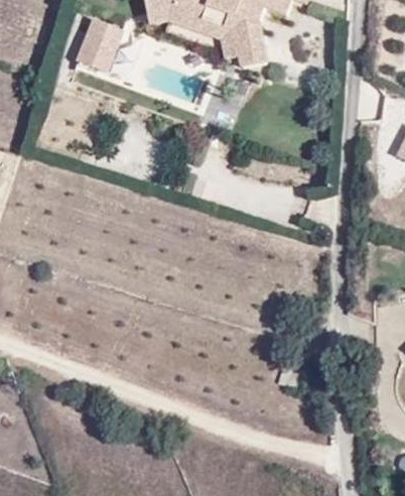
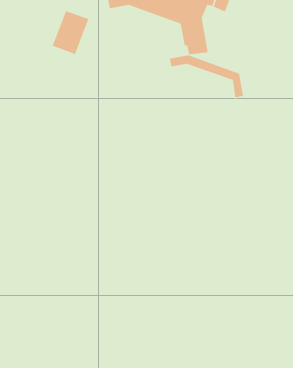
building: [146,11,236,63] -> [169,55,244,98]

